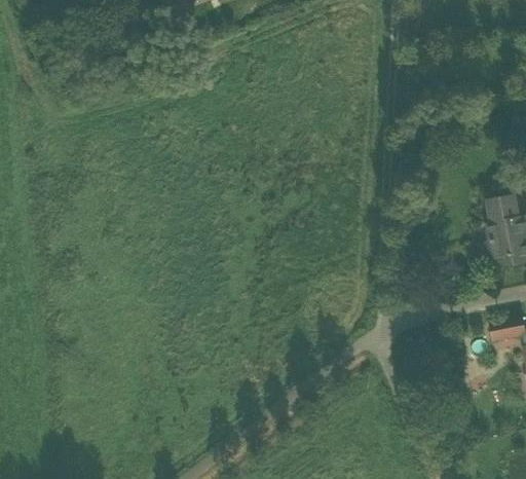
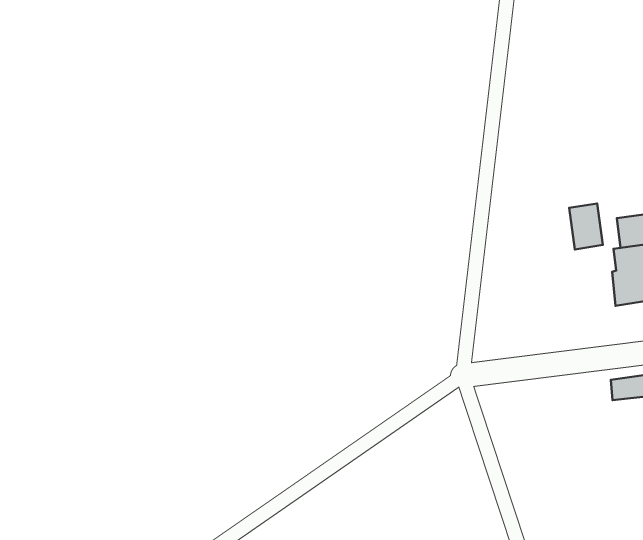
building: none -> [569,203,603,249]

